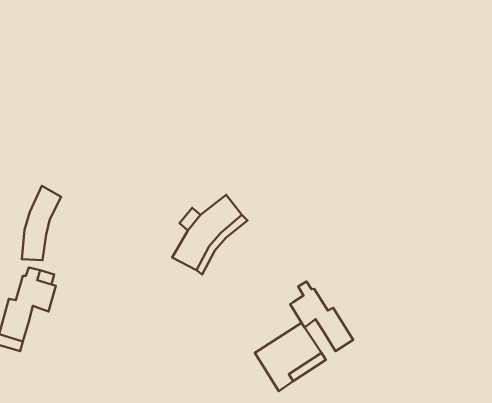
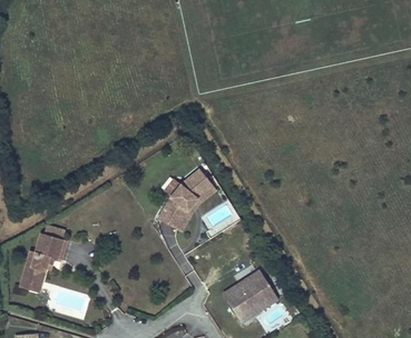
building: [22,186,61,260] -> none
building: [290,282,353,351] -> none

